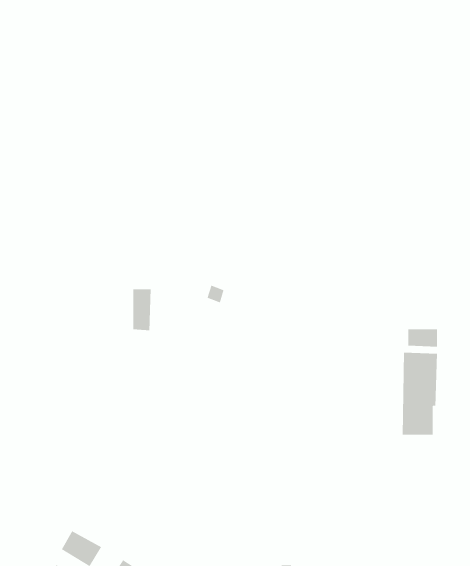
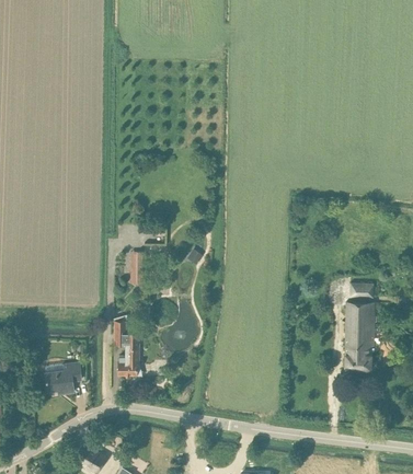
building: none -> [114,322,140,375]
building: none -> [45,362,81,394]

